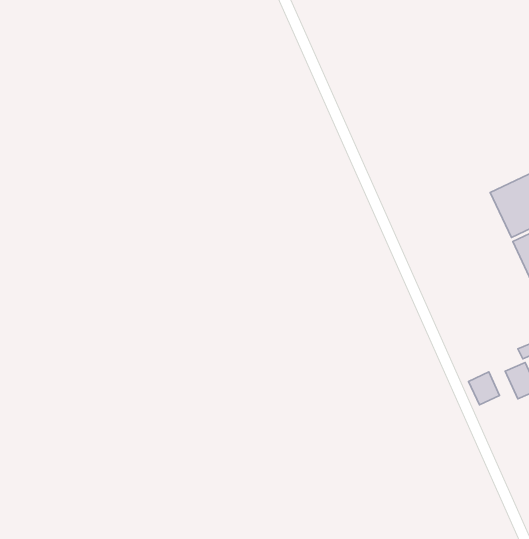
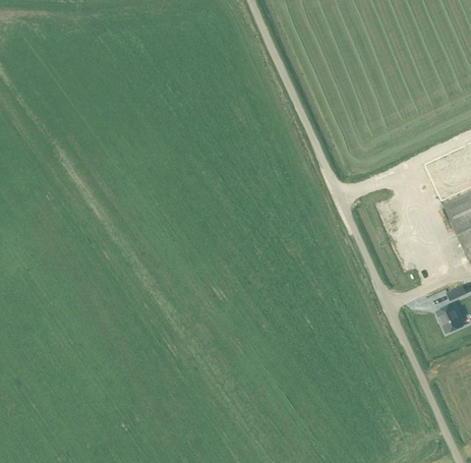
building: [469,372,499,405] -> none

